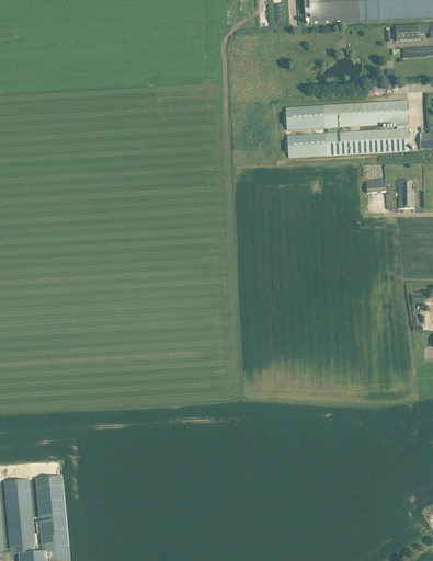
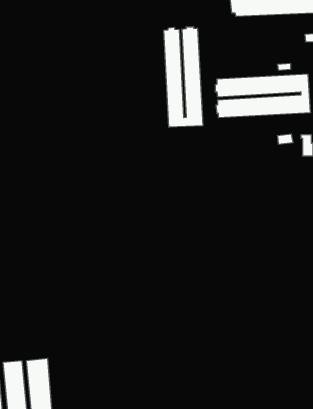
building: none -> [164,27,203,127]

